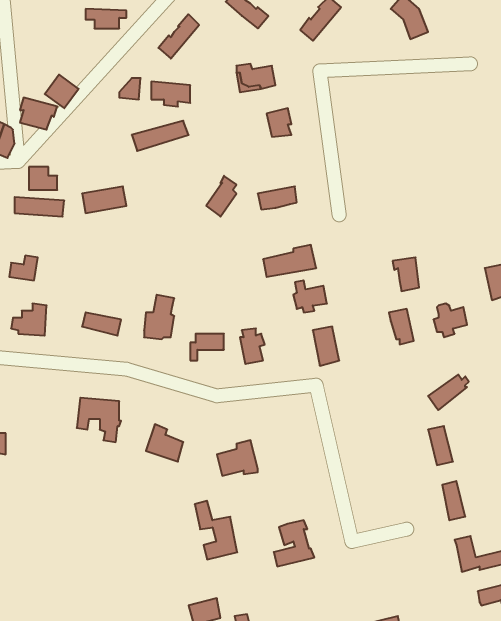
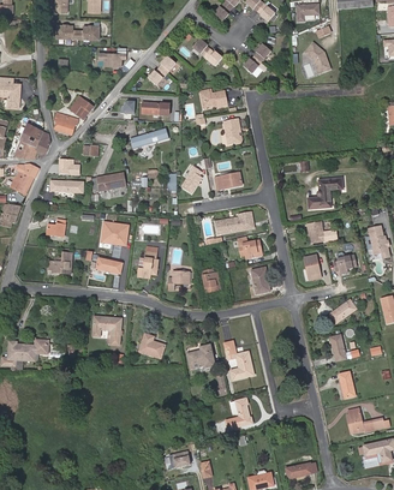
building: none -> [306,178,342,208]
building: none -> [98,220,129,246]
building: [195,501,237,559] -> [223,340,252,380]

